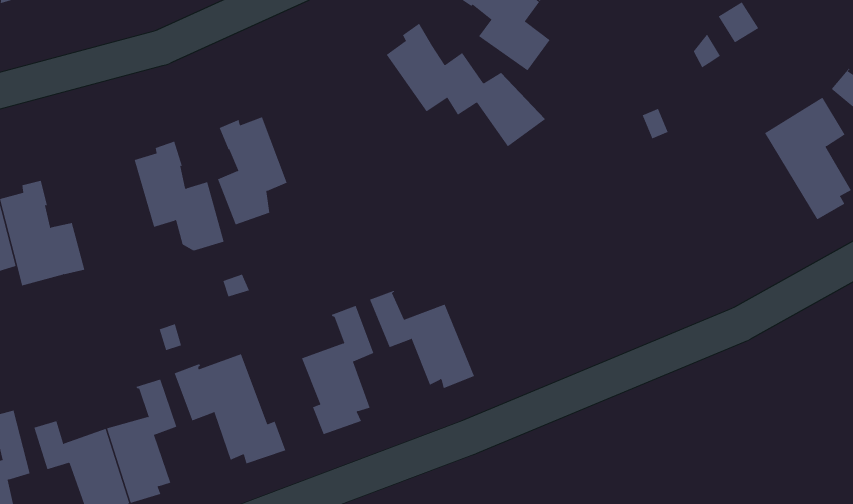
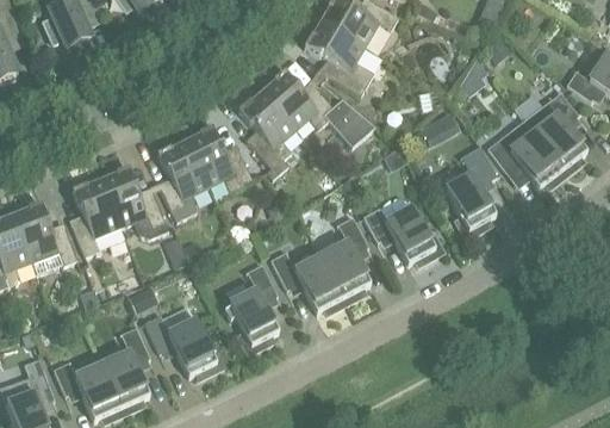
building: none -> [237,92,294,176]
building: none -> [185,124,253,190]
building: none -> [486,118,565,187]
building: none -> [70,180,123,254]
building: none -> [444,144,496,237]
building: none -> [362,205,442,263]
building: none -> [320,215,369,302]

